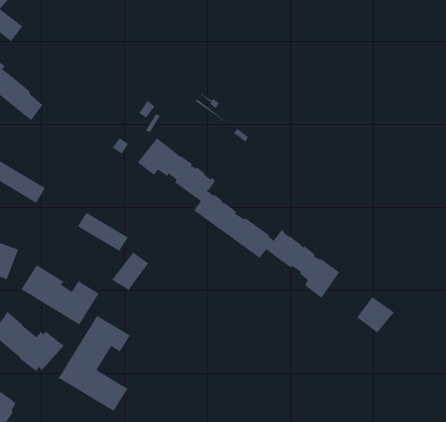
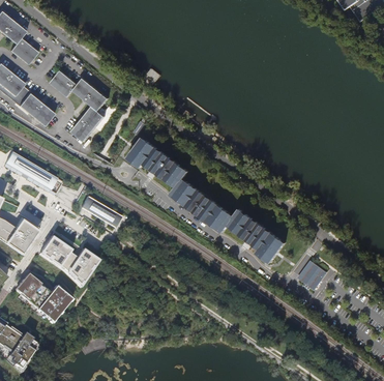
building: none -> [53,70,112,141]
building: [111,251,149,291] -> none
building: [58,315,131,412] -> none

